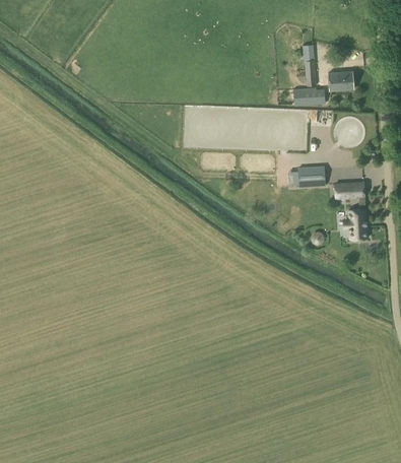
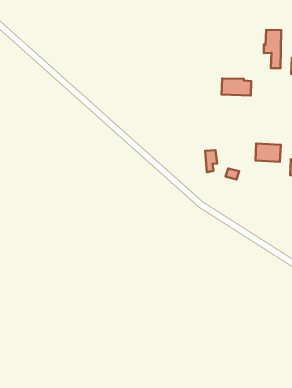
building: [294,87,327,107] -> [221,79,251,95]

